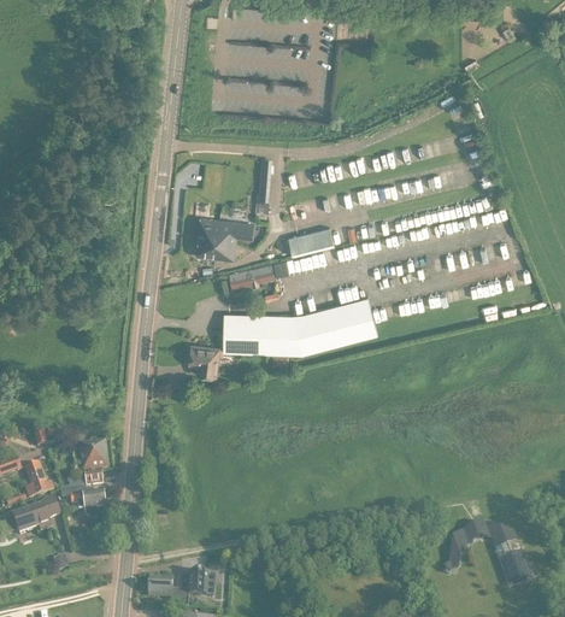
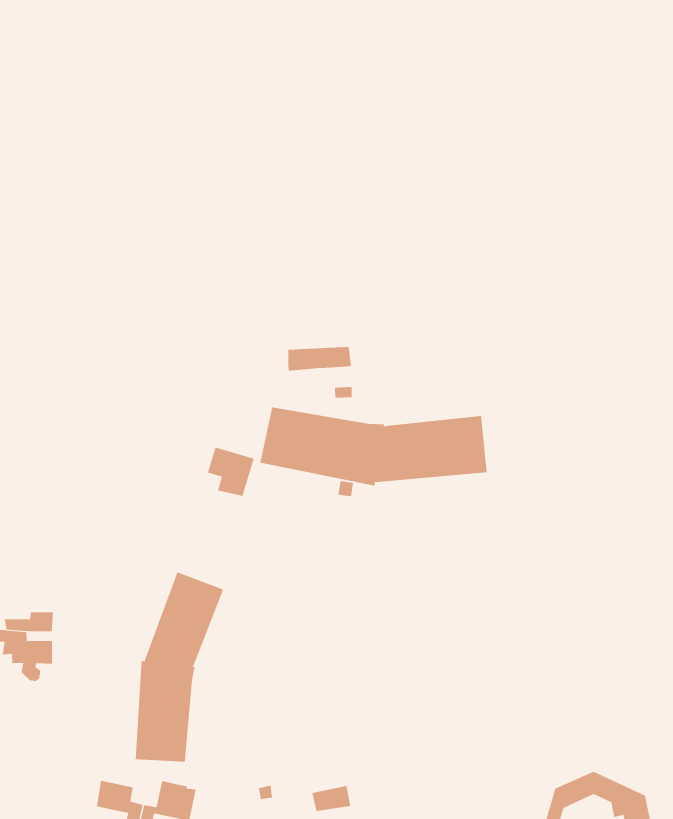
building: [196,218,254,260] -> none
building: [288,228,334,257] -> none
building: none -> [135,572,224,763]
building: [81,442,108,472] -> none

